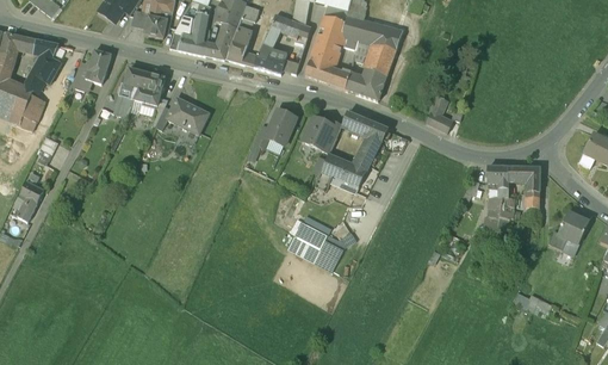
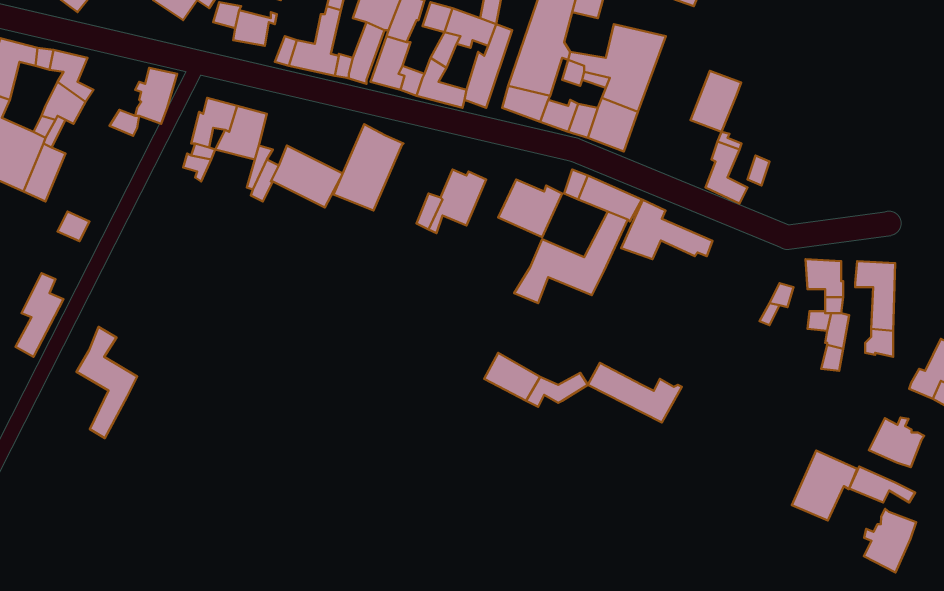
building: [342,16,372,43] -> none
building: none -> [690,71,741,132]
building: none -> [334,124,404,211]
building: none -> [621,200,712,259]
building: none -> [77,327,137,438]
building: [287,235,343,271] -> [588,363,682,423]
building: none -> [869,418,924,467]
building: none -> [792,451,857,520]
building: none -> [864,509,916,573]

